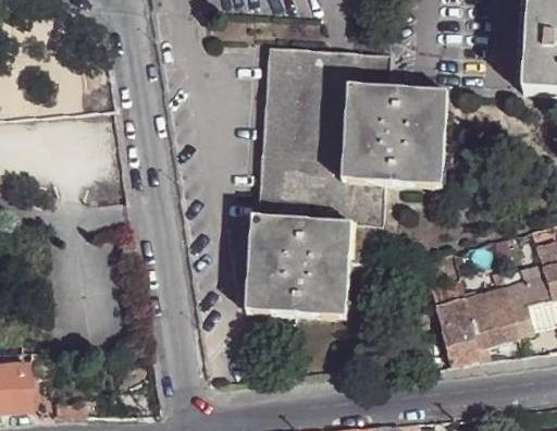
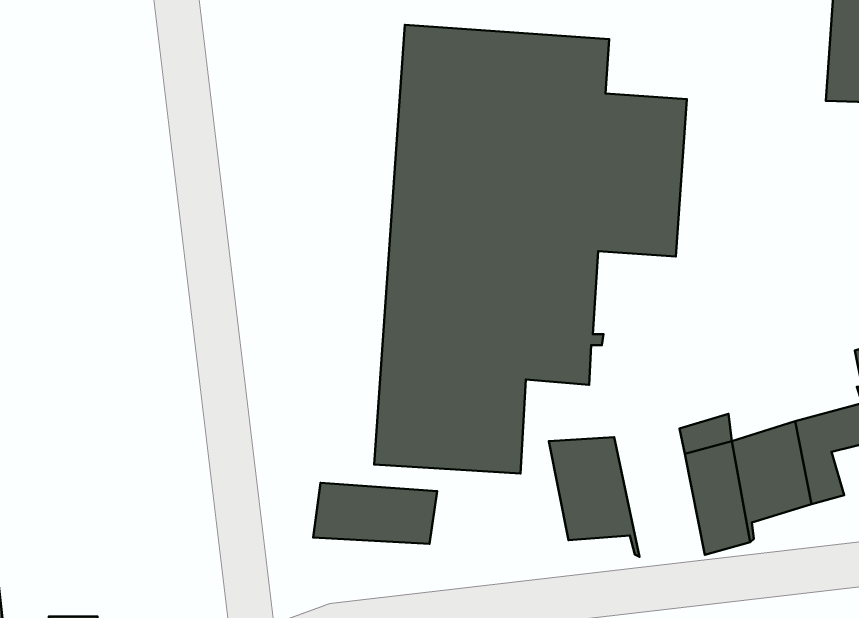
building: none -> [549,437,639,557]
building: none -> [313,483,437,544]

